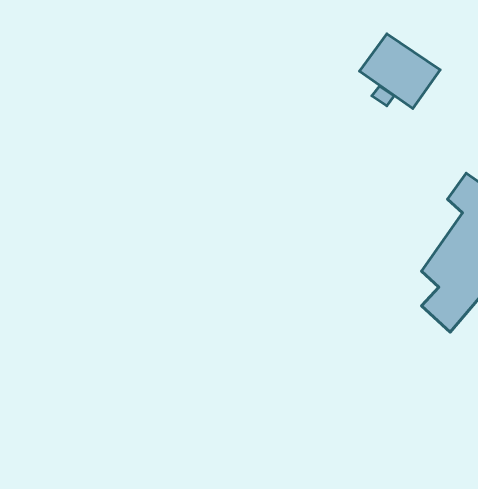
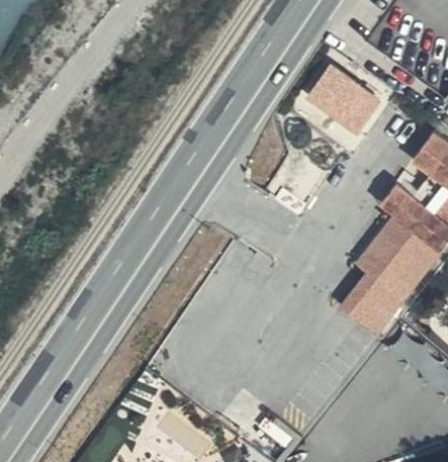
building: none -> [347,263,391,320]

